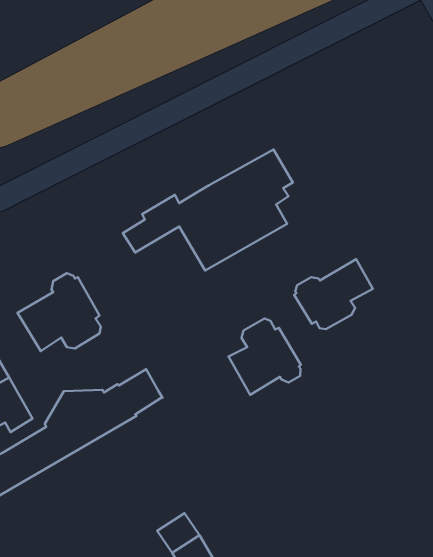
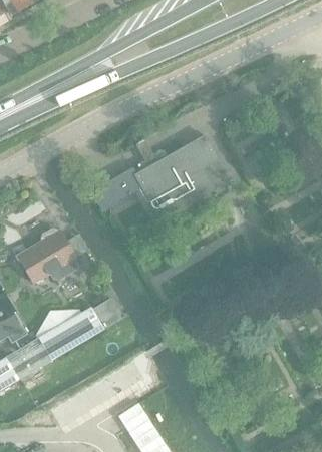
building: [294,259,373,329] -> none
building: [228,319,301,395] -> none

